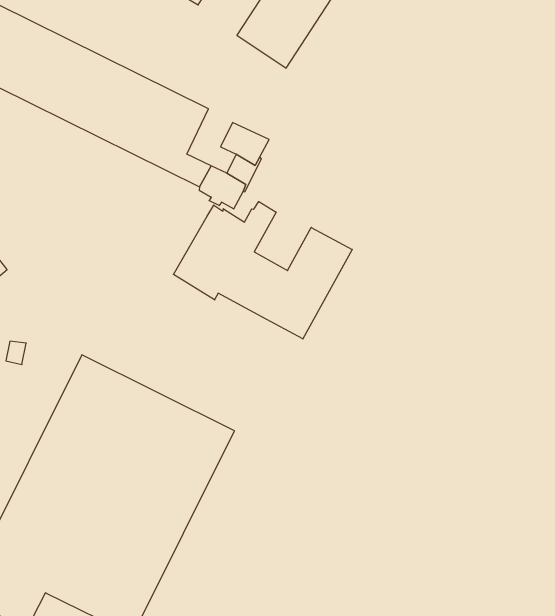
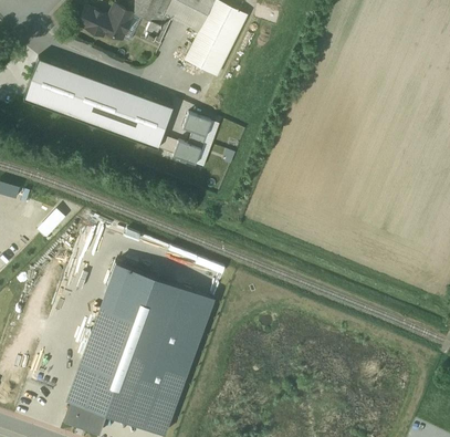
building: [173,202,352,339] -> none

